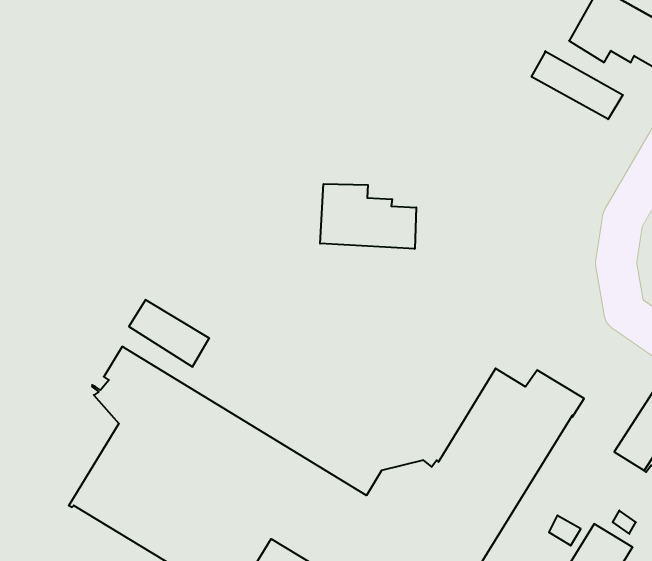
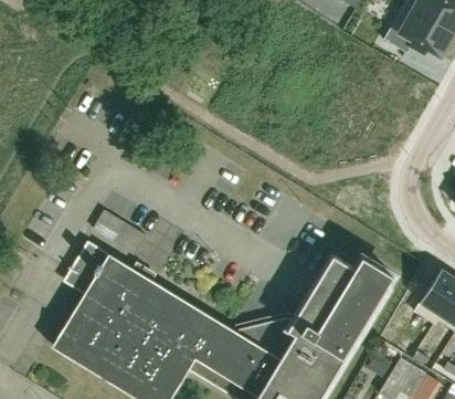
building: [532,51,623,119] -> none
building: [320,184,416,249] -> none

